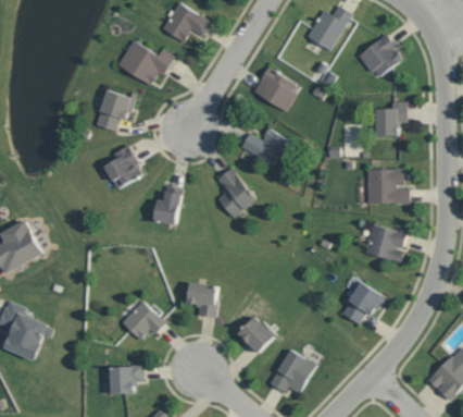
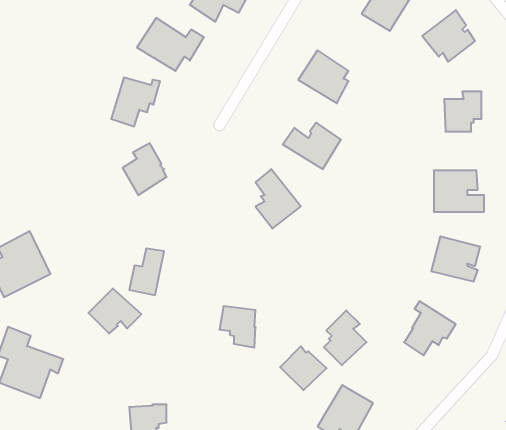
building: [152,186,182,225] -> [129,249,164,295]
building: none -> [324,310,367,365]
building: [121,302,165,340] -> [88,288,141,334]

